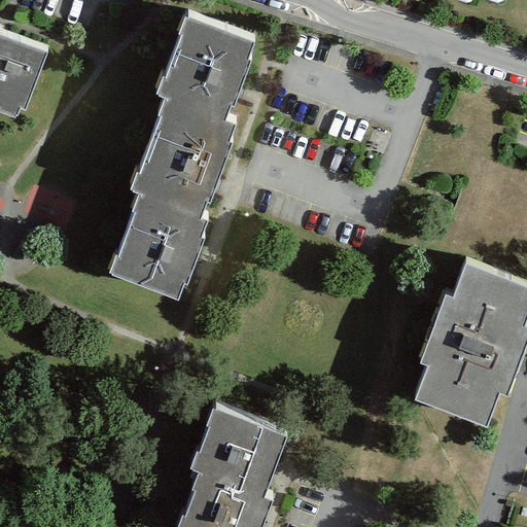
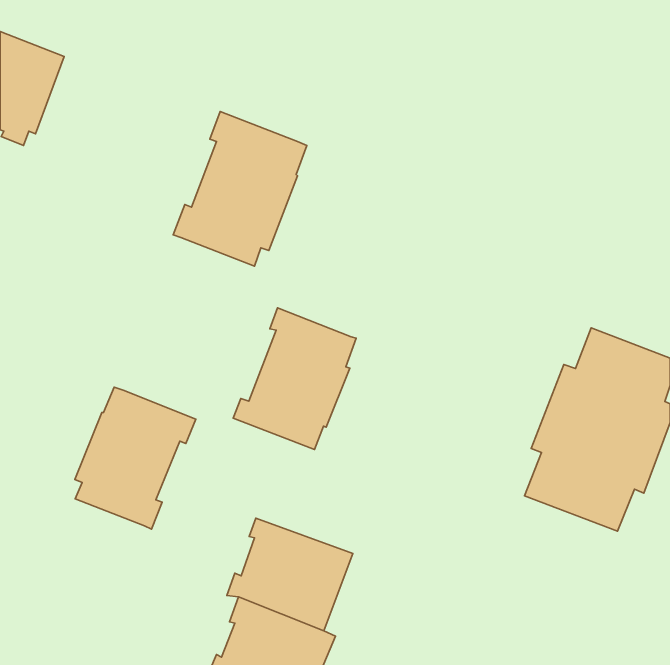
building: [167,10,265,115] -> none
building: [107,190,204,302] -> [233,308,356,450]
building: none -> [75,387,196,529]

